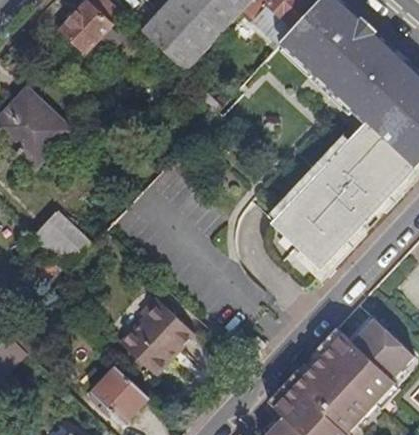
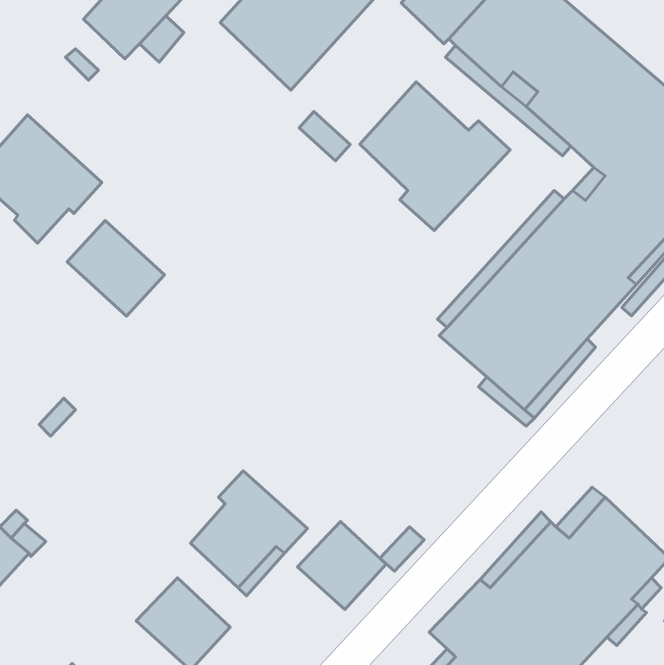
building: none -> [360,82,510,231]
building: [32,211,91,269] -> [67,221,164,316]
building: none -> [297,521,386,610]

